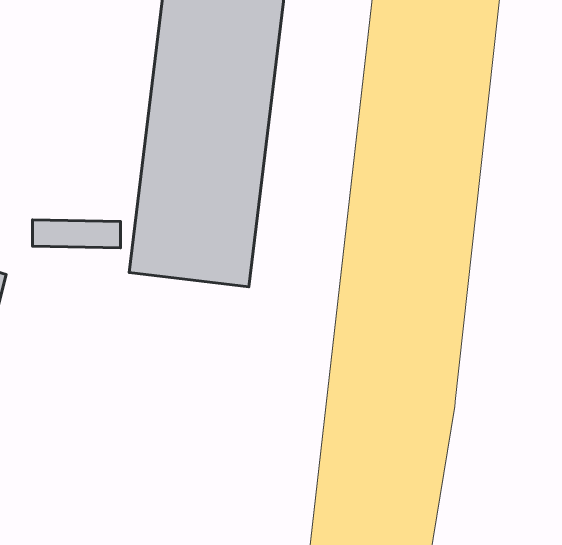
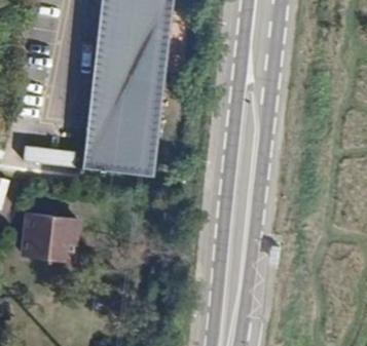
building: none -> [22,208,79,257]

